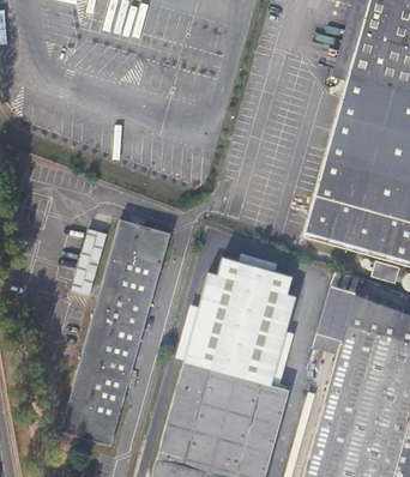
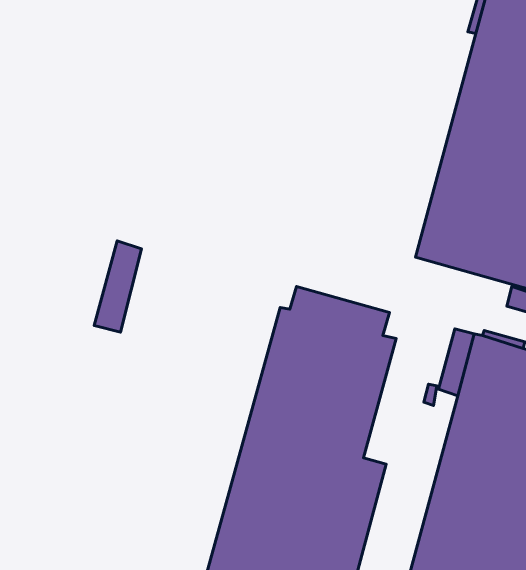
building: [62,219,169,445] -> none

